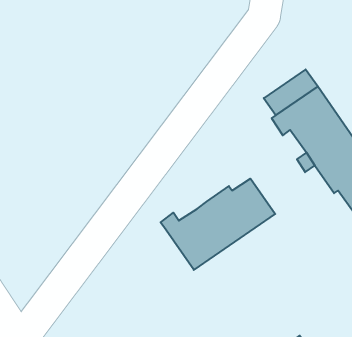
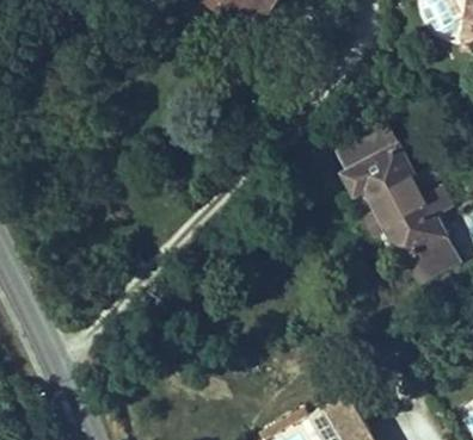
building: [161,179,275,270] -> none

